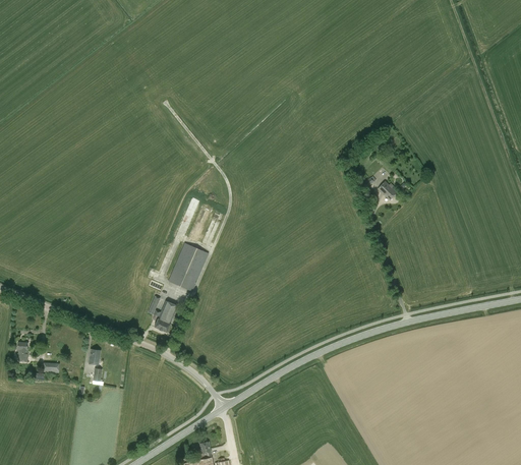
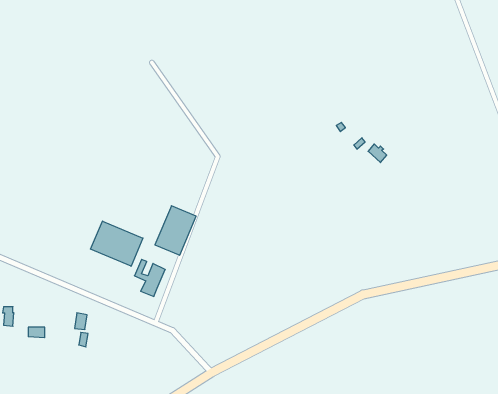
building: none -> [91,221,143,266]

